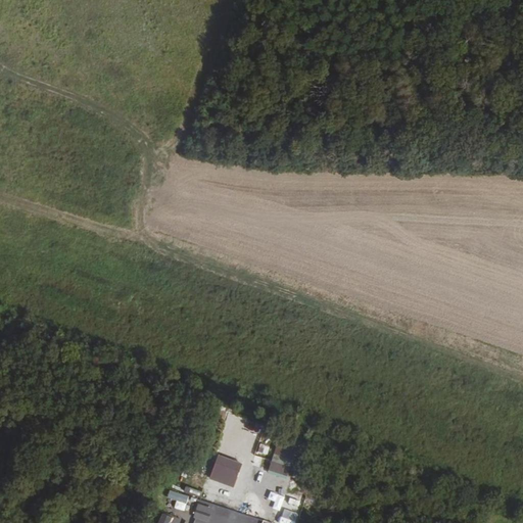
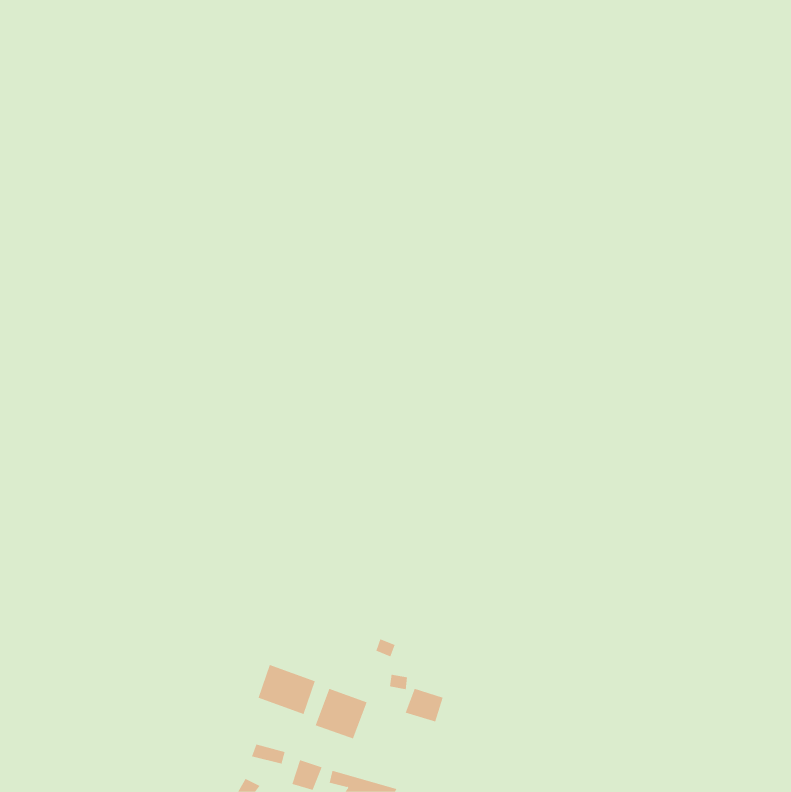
building: none -> [258,664,315,715]

